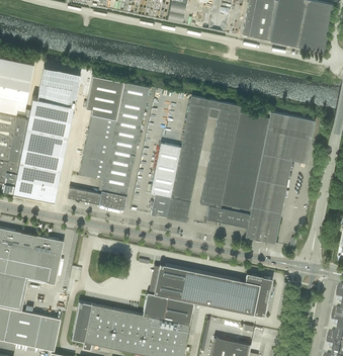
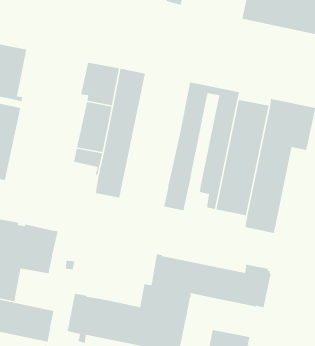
building: [12,66,79,200] -> none
building: [150,143,181,216] -> none
building: [67,186,102,204] -> none

